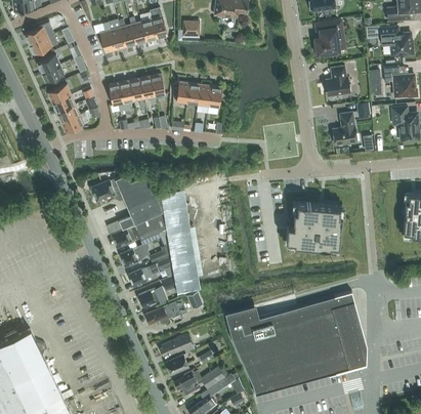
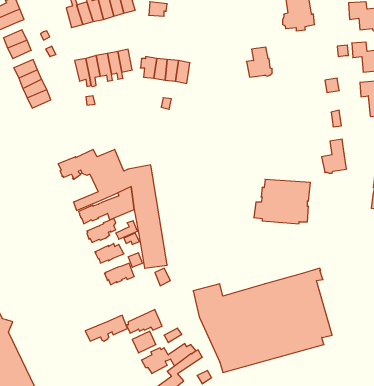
building: [325,67,350,96] -> [246,47,272,77]
building: [332,113,356,147] -> [322,139,346,173]
building: [144,299,186,325] -> [85,315,127,341]

